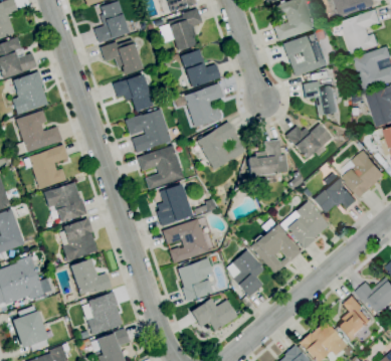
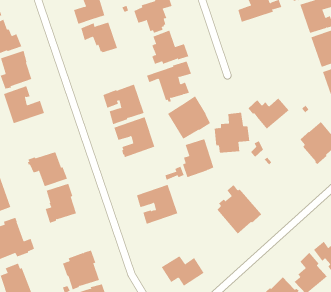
building: [282,32,329,77] -> none
building: [113,74,154,112] -> none
building: [303,78,341,116] -> none
building: [23,145,68,189] -> none
building: [314,173,359,213] -> none
building: [157,184,192,227] -> [182,138,214,178]
building: [280,201,329,249] -> none
building: [227,249,264,298] -> none
building: [178,257,213,302] -> none
building: [70,258,112,295] -> none

